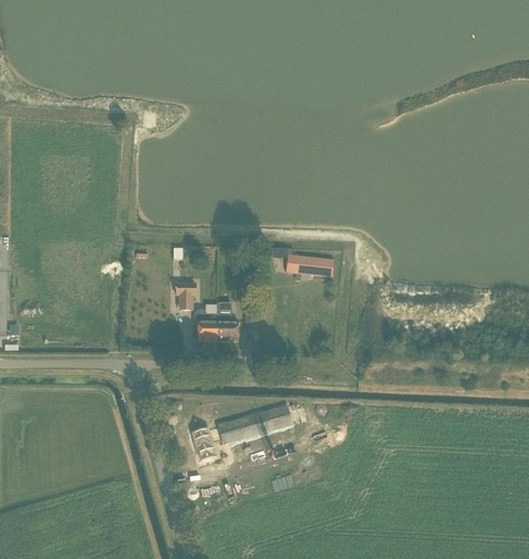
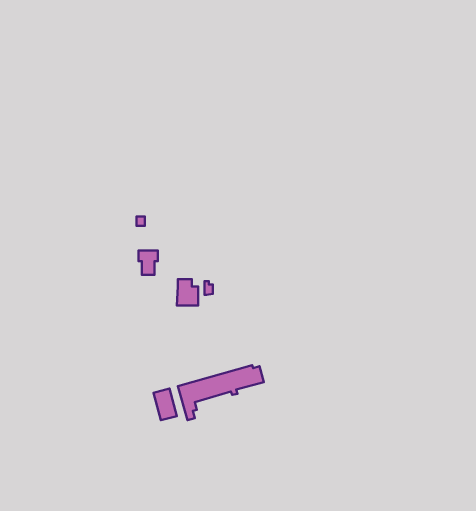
building: [287,255,332,275] -> none
building: [193,308,216,340] -> none

